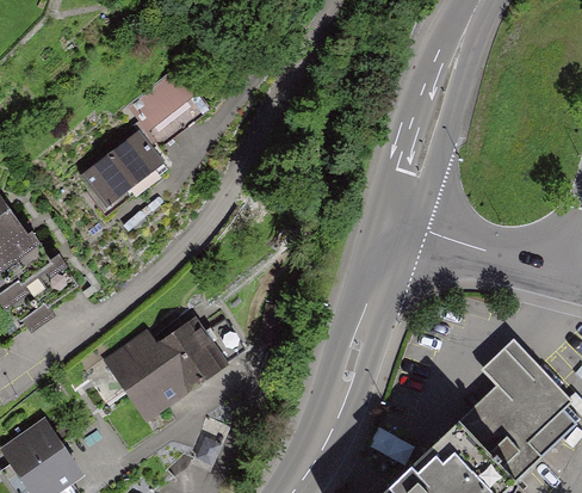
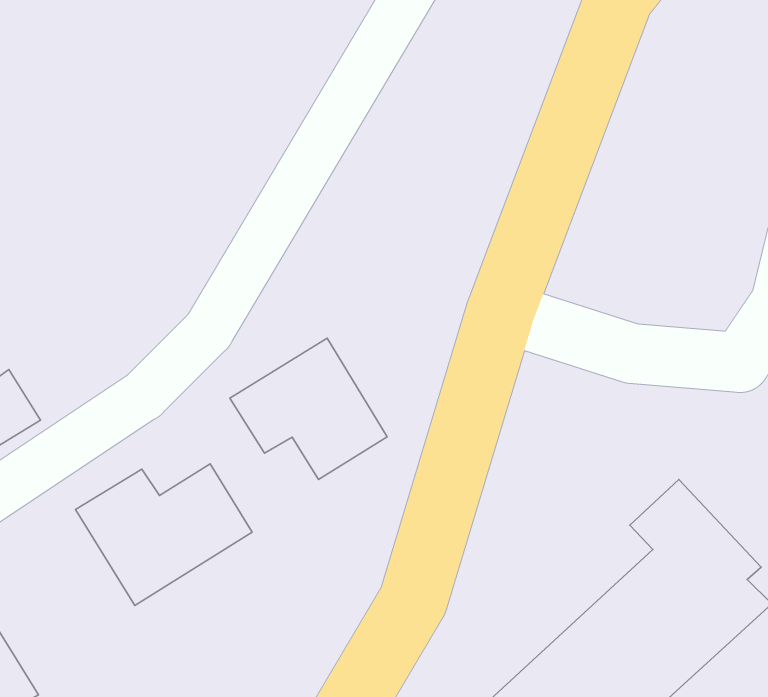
building: [79,67,211,215] -> none
building: none -> [230,338,387,479]

